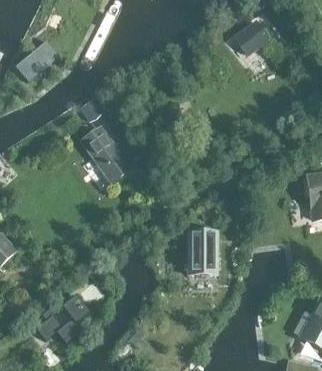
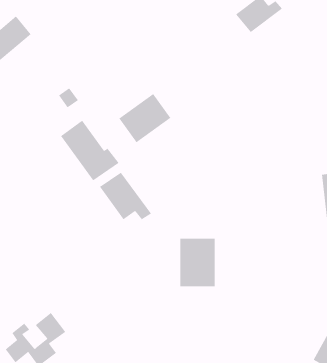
building: none -> [118,93,171,143]
building: none -> [99,172,152,220]

